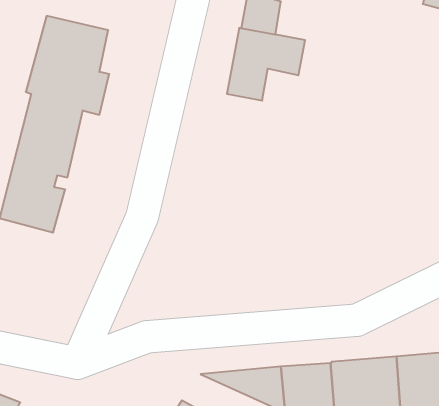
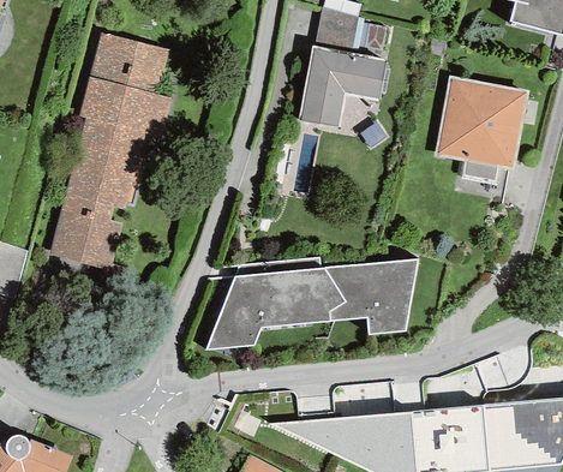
building: none -> [437,78,525,183]
building: none -> [205,257,418,349]

